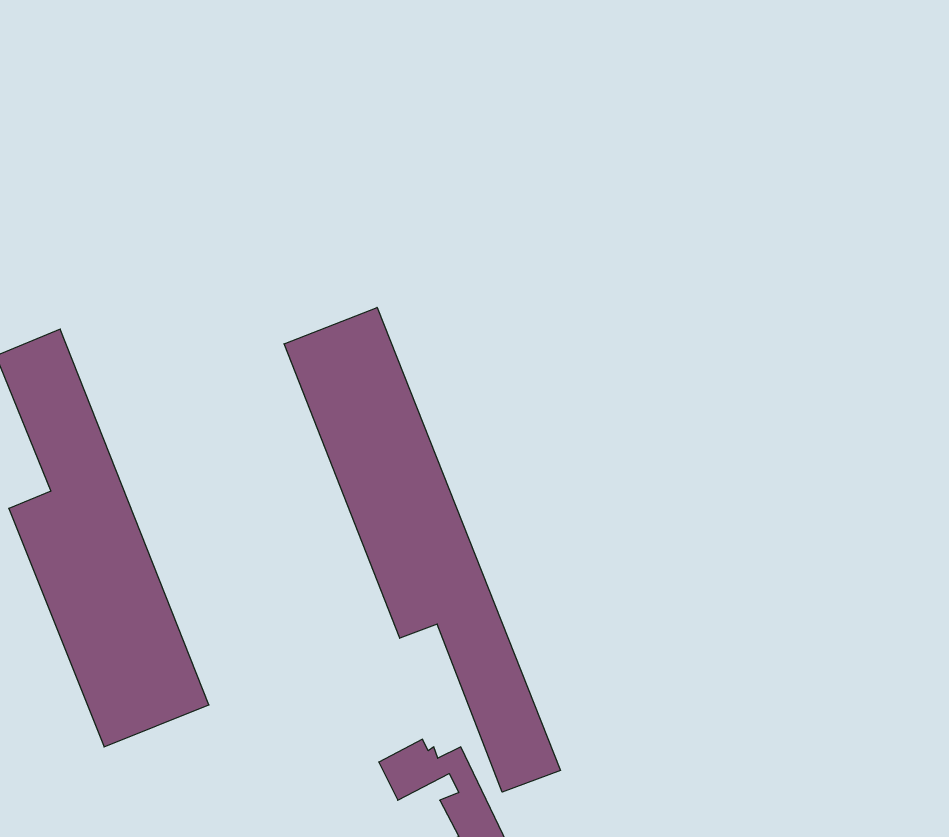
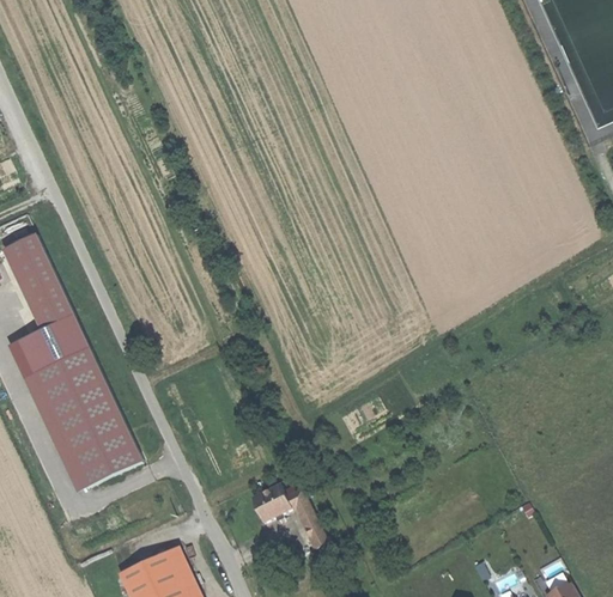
building: [284,307,560,792] -> none

